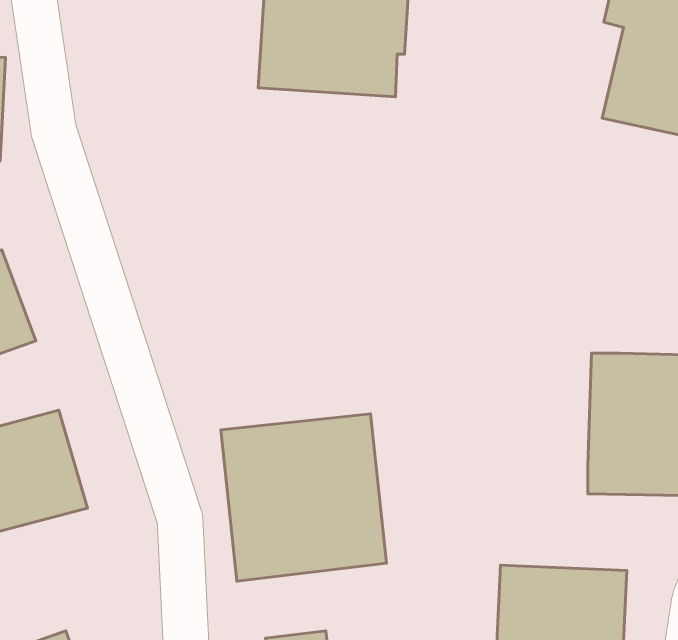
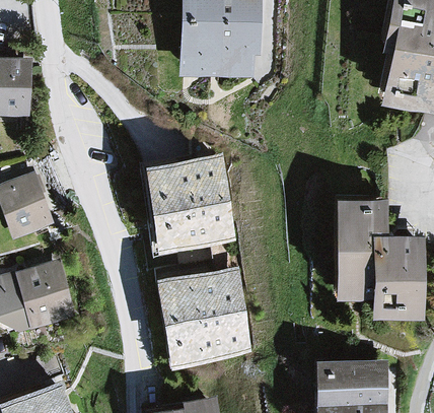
building: none -> [147,153,235,256]
building: none -> [330,198,386,298]

